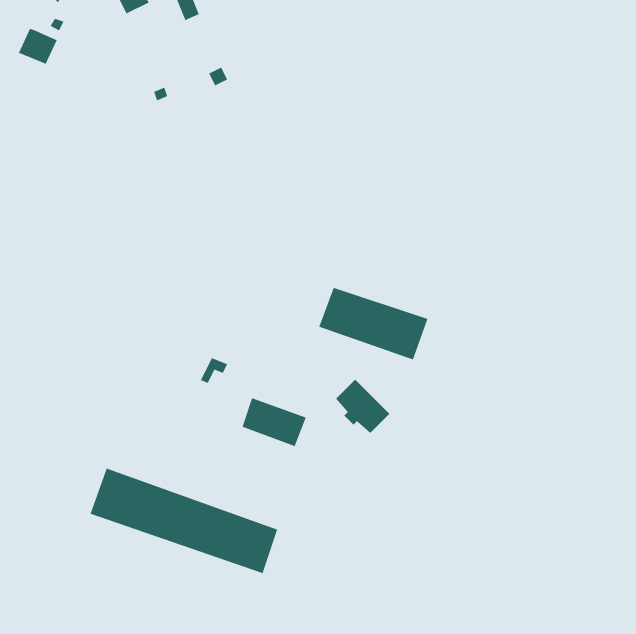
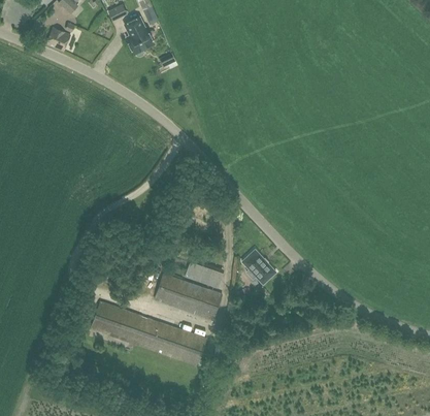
building: none -> [124,17,152,56]
building: [318,287,429,360] -> [154,274,222,319]

